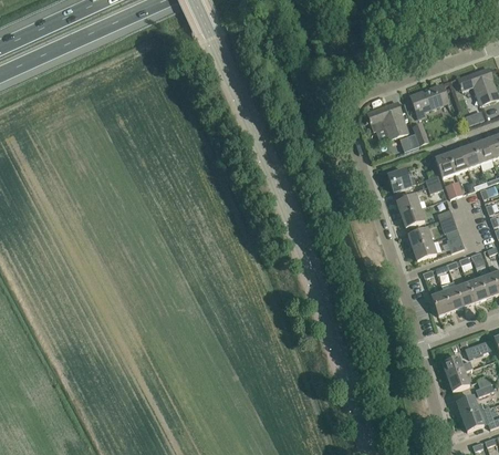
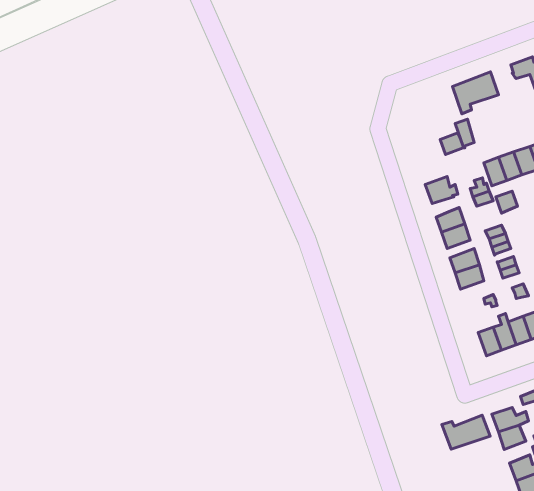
building: [367,101,408,138] -> none
building: none -> [442,415,490,449]

